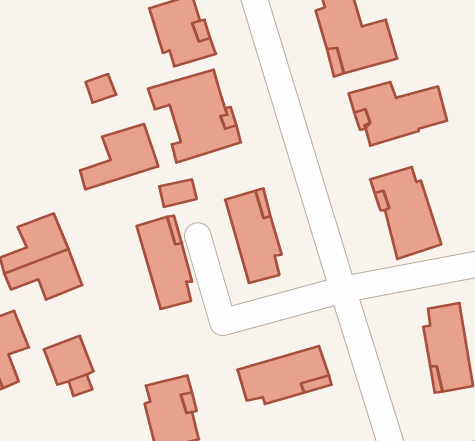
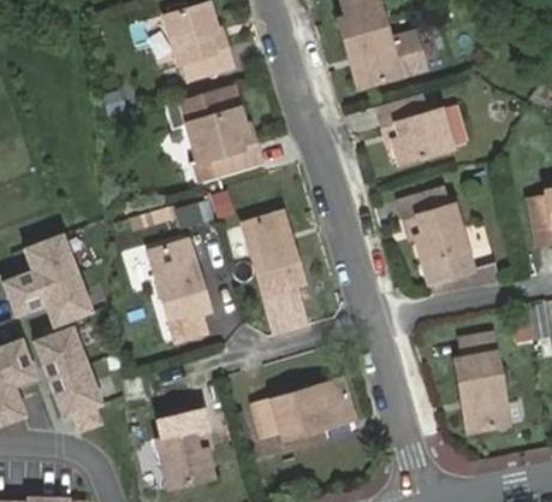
building: [80,124,158,189] -> none
building: none -> [36,326,89,380]

